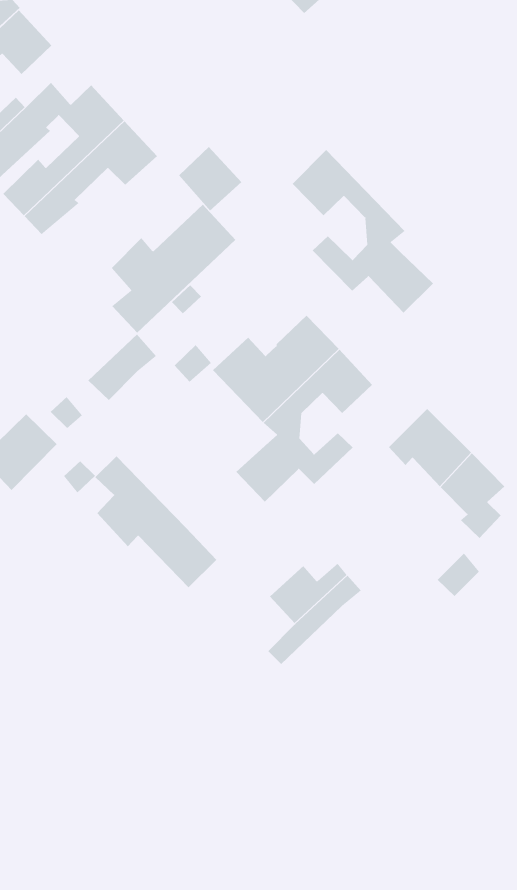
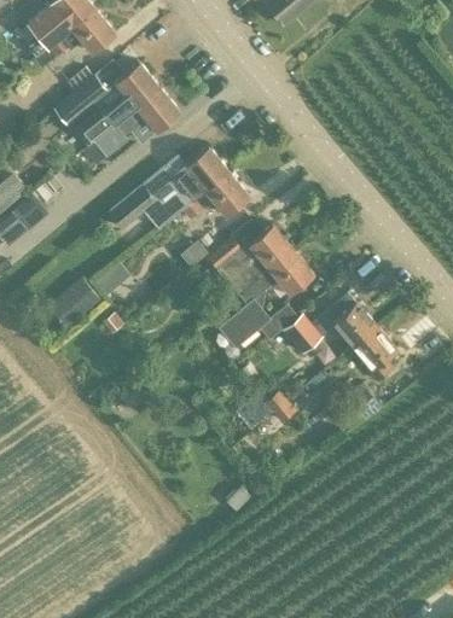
building: [178,146,242,211] -> [207,171,249,215]
building: [292,149,434,313] -> none
building: [88,334,157,401] -> [109,185,156,228]
building: none -> [283,314,326,358]
building: [95,455,217,588] -> none

